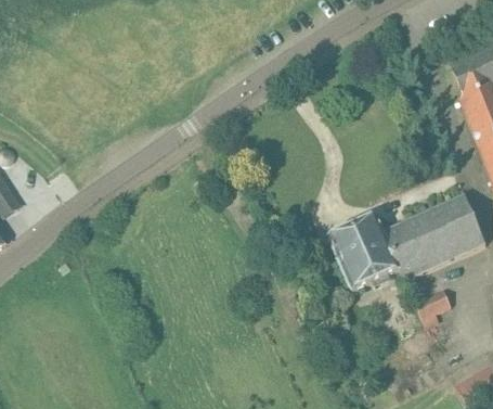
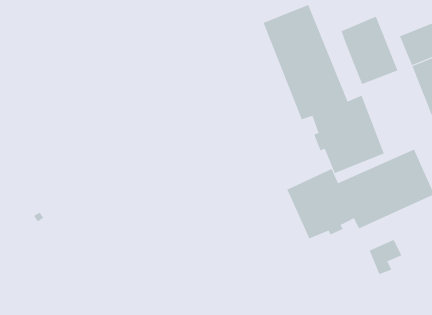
building: none -> [263,4,385,174]
building: none -> [341,16,398,85]

